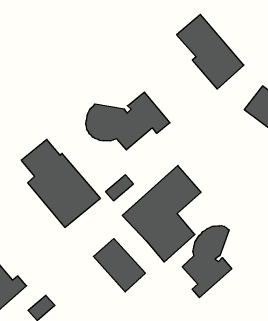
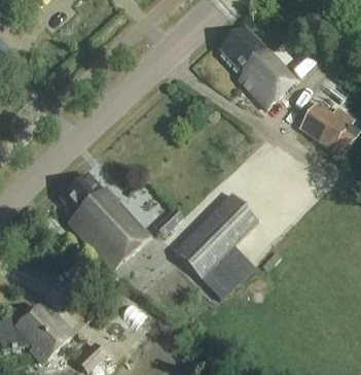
building: [86,92,170,150] -> none
building: [182,226,232,298] -> none
building: [93,239,145,292] -> none

